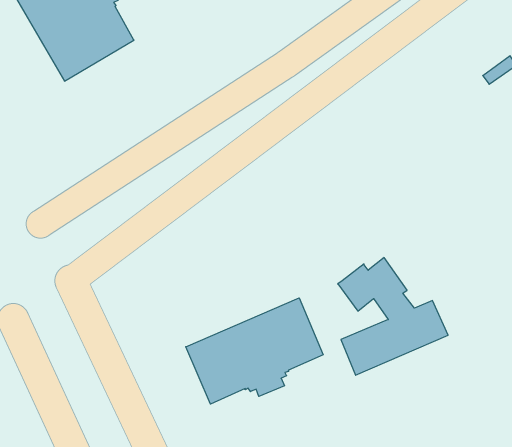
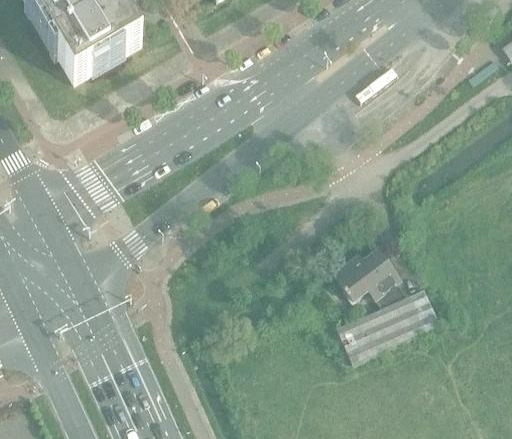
building: [186,298,323,404] -> none

